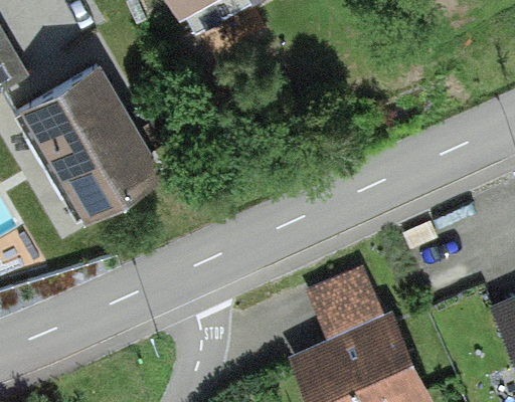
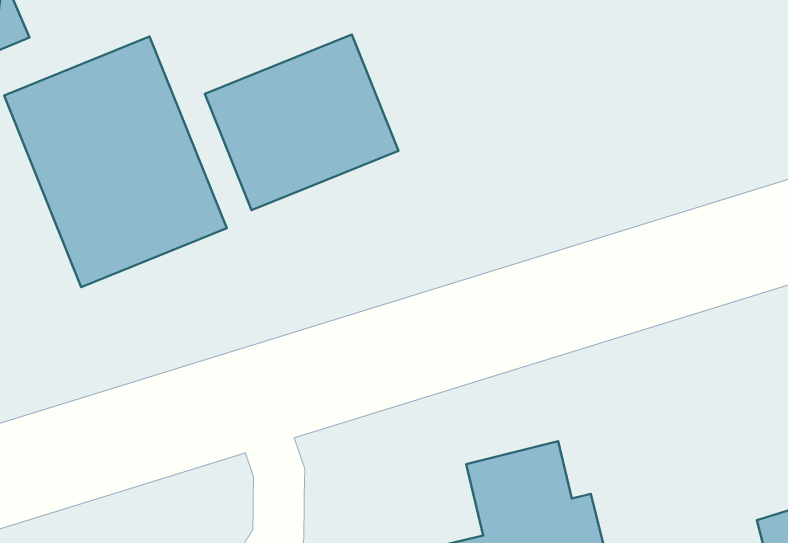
building: none -> [205,35,398,210]

